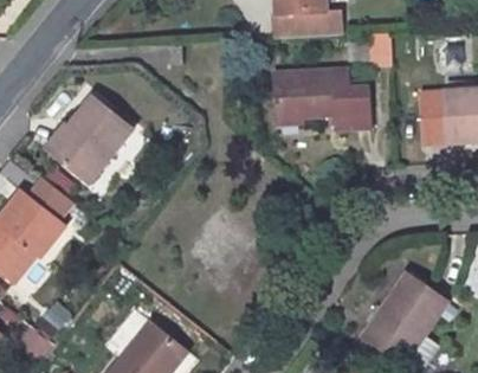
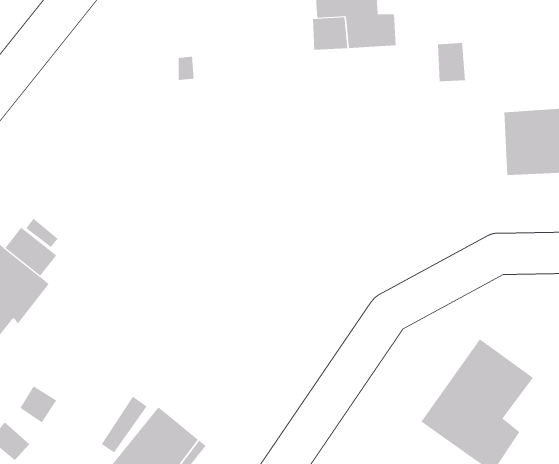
building: [272,66,372,124] -> none
building: [49,95,133,180] -> none

